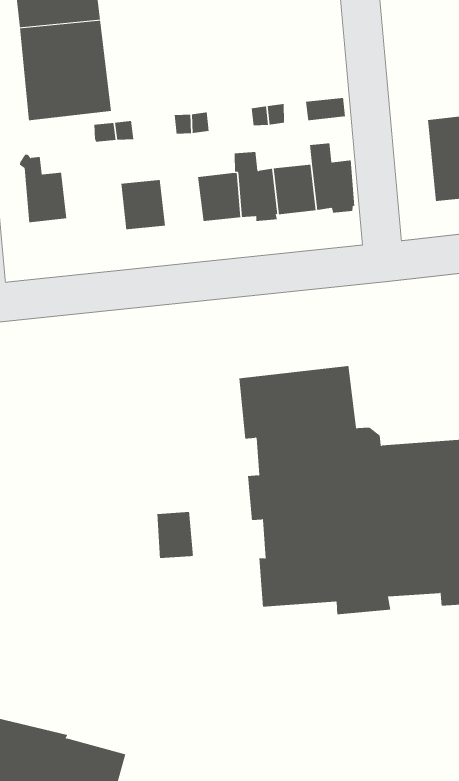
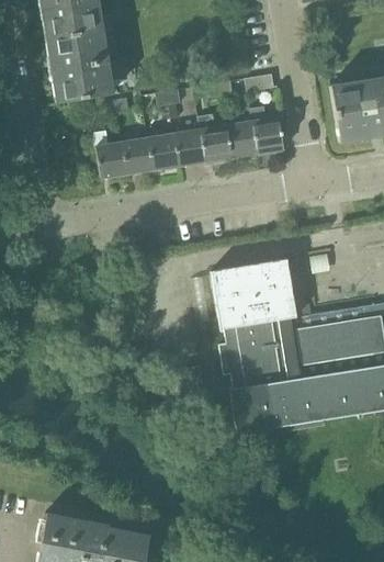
building: [19,154,67,223] -> [92,132,127,179]
building: none -> [149,135,180,170]
building: [157,511,193,559] -> none

